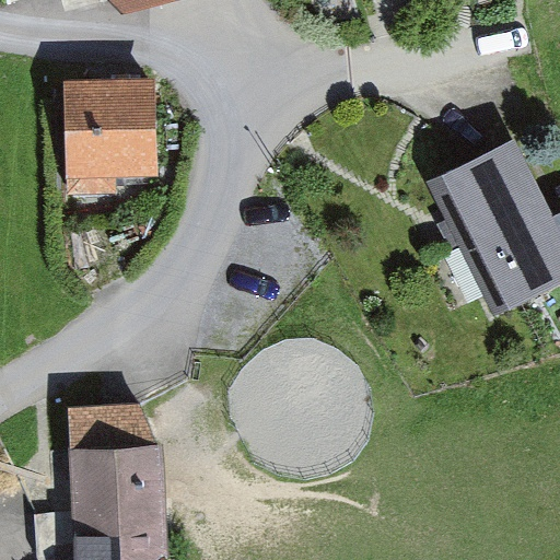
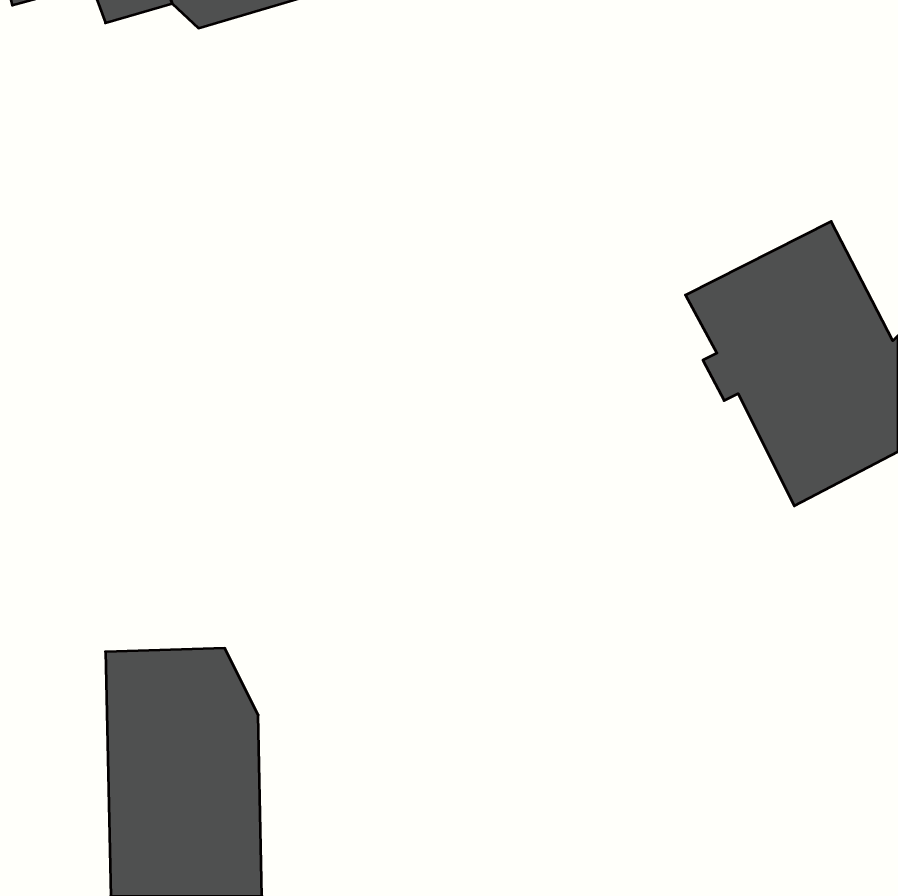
building: [66,80,158,195] -> none

